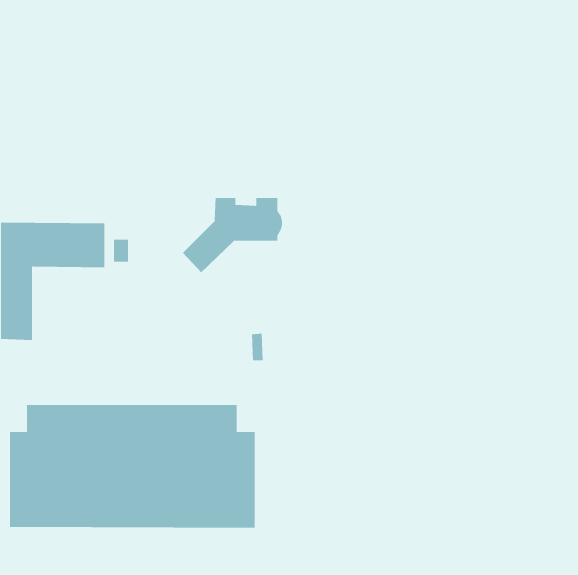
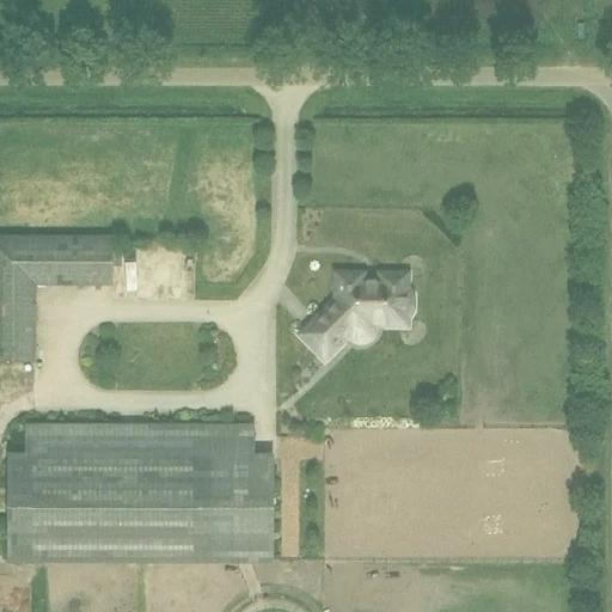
building: [182,197,283,273] -> [304,274,410,354]

